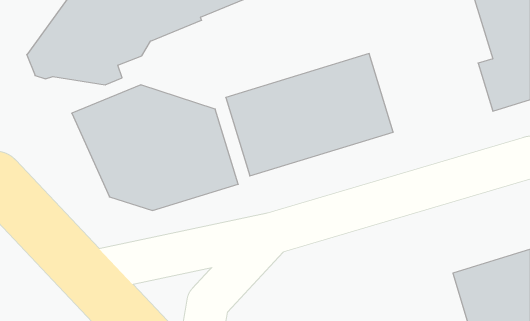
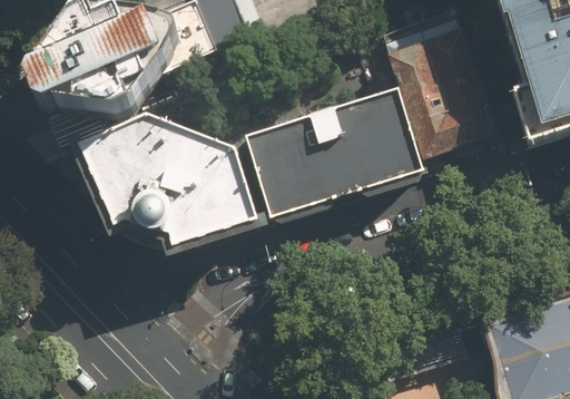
building: none -> [390,30,484,157]

